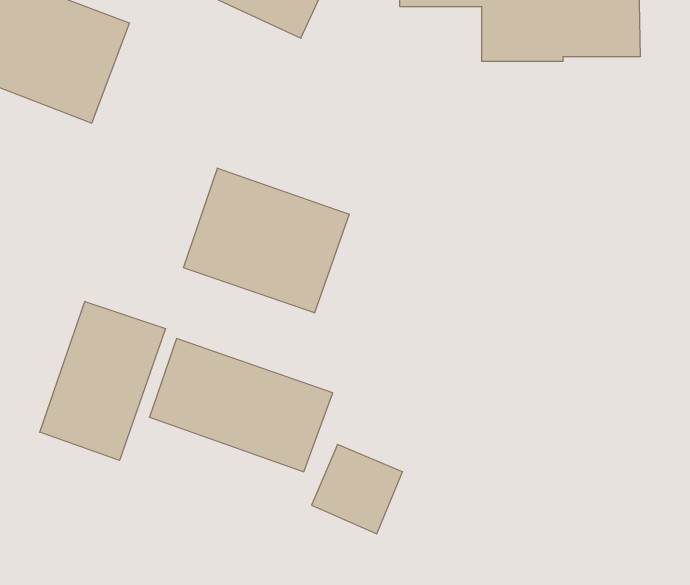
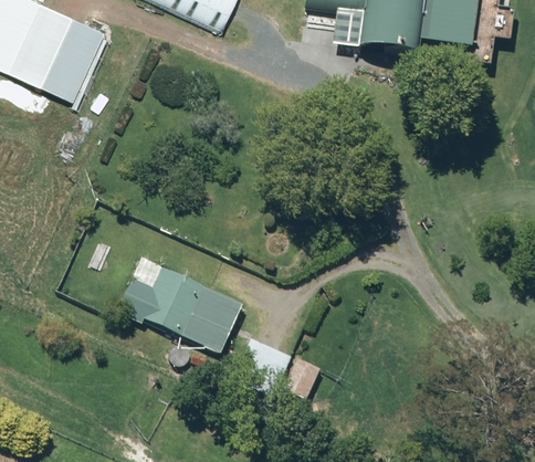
building: [184,168,349,313] -> none
building: [40,301,166,460] -> none

